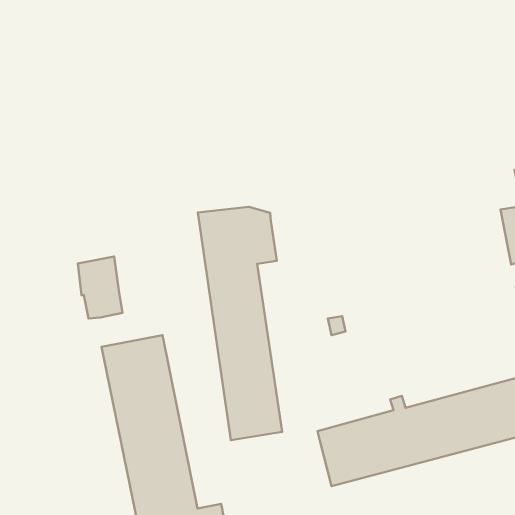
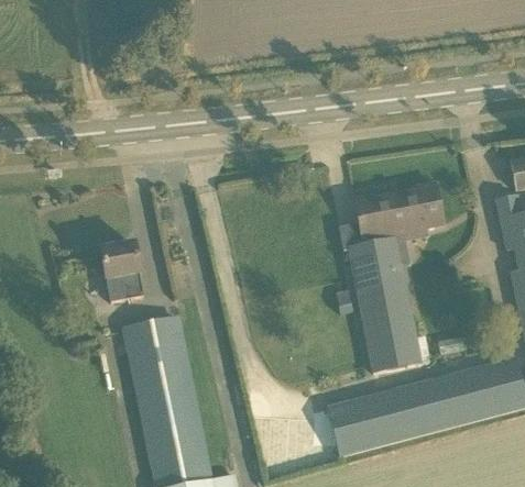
building: none -> [347,182,442,372]
building: [198,207,282,440] -> none

